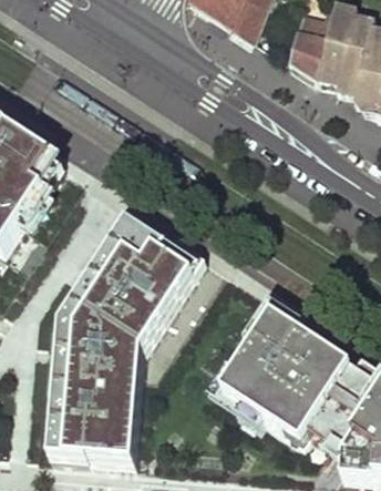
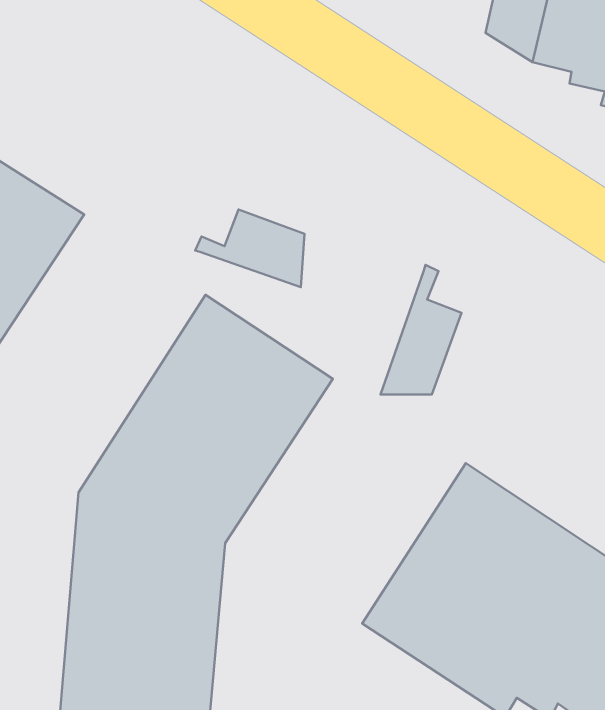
building: none -> [195,209,305,287]
building: none -> [380,265,462,395]

